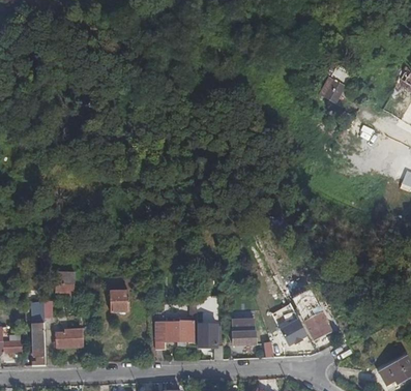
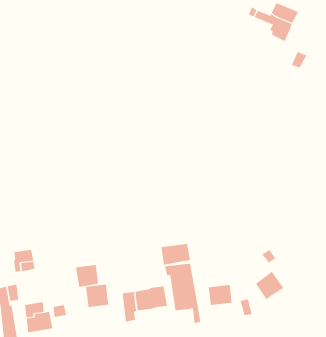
building: none -> [161,243,191,265]
building: [304,307,331,339] -> none
building: none -> [86,284,109,308]

